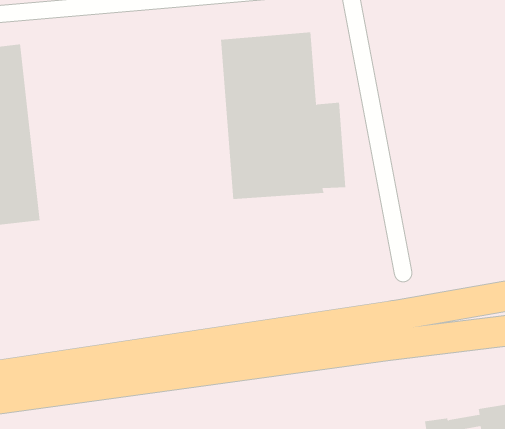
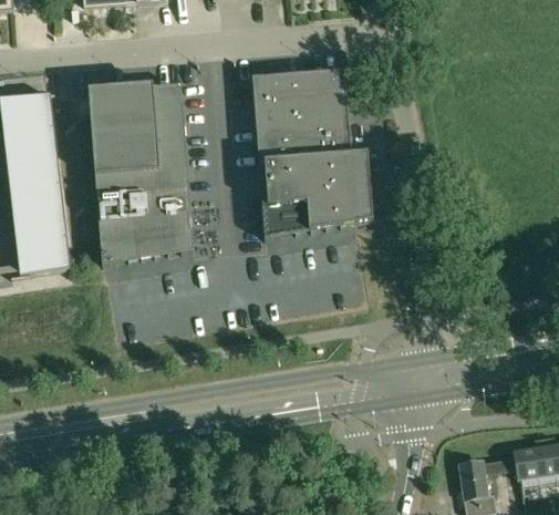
building: none -> [87,85,193,266]

